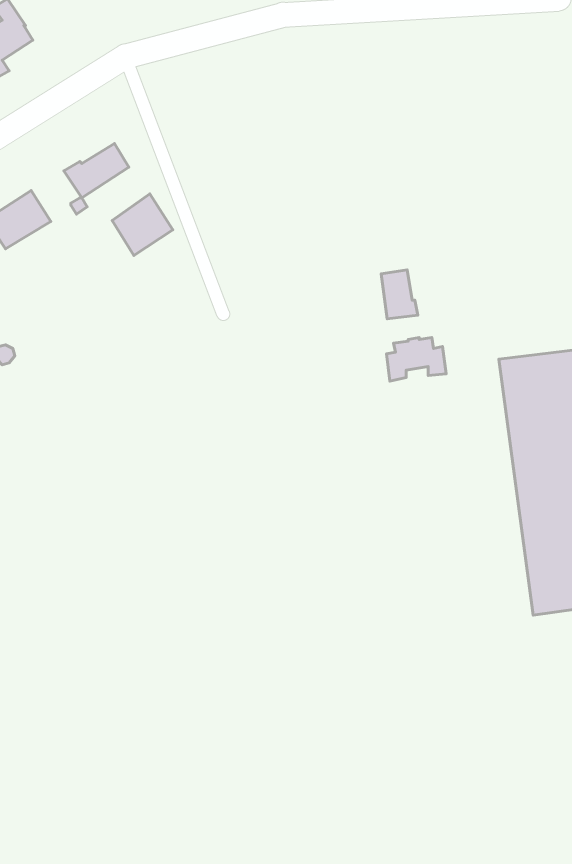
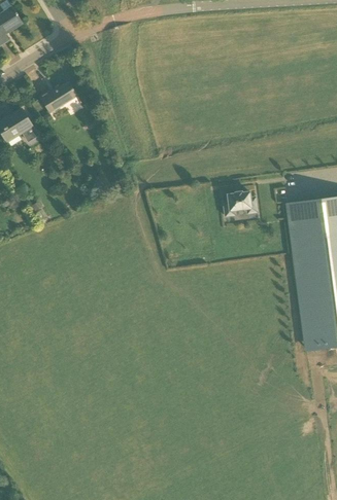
building: [112,194,173,255] -> none
building: [381,270,418,319] -> none

